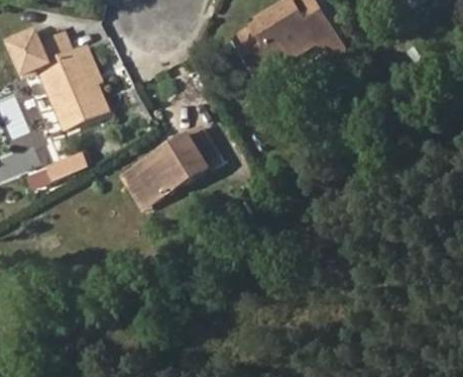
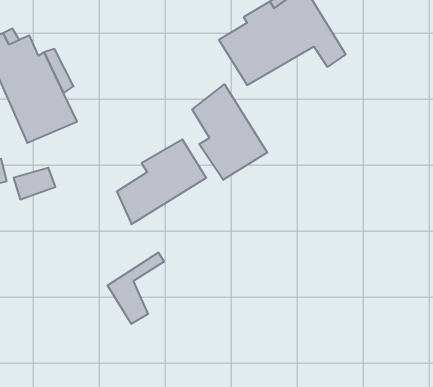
building: none -> [192,84,267,180]
building: [119,147,169,210] -> [107,253,164,324]

